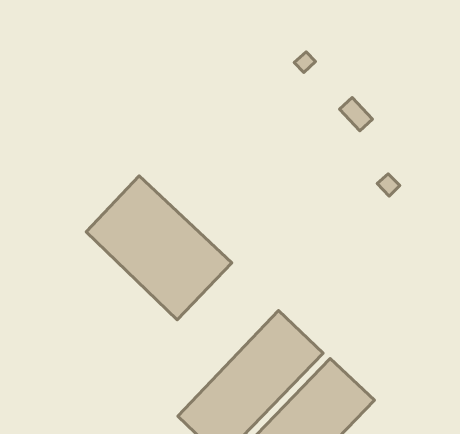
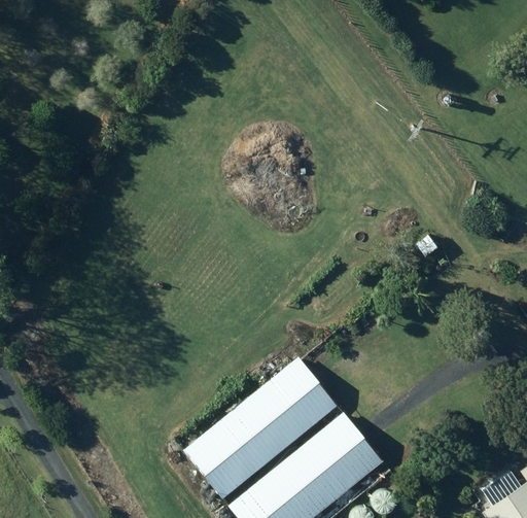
building: [86,176,232,320] -> none

